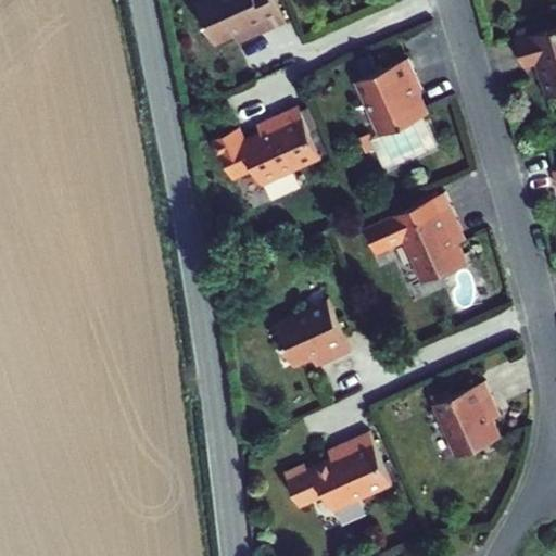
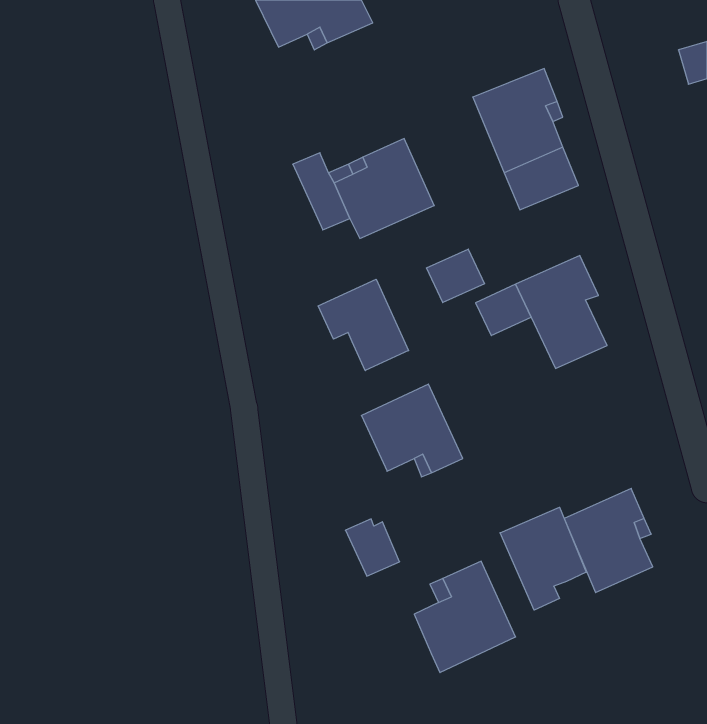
building: none -> [427,249,484,303]
building: none -> [318,279,409,371]
building: none -> [500,507,586,610]
building: [287,469,328,513] -> [345,519,400,576]

